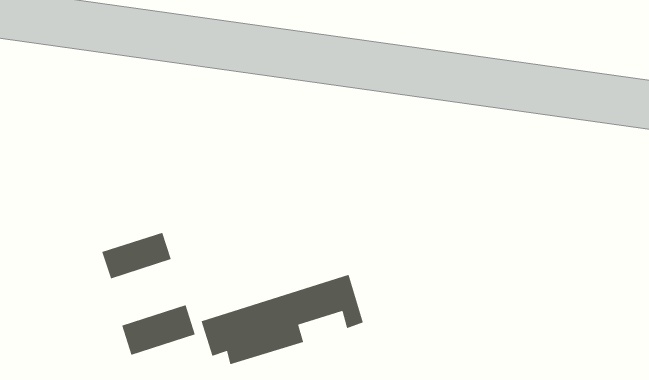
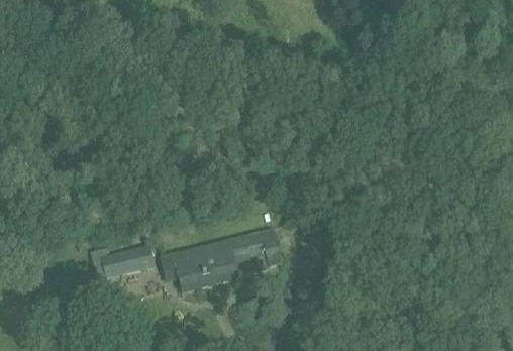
building: [101,232,172,280] -> none

